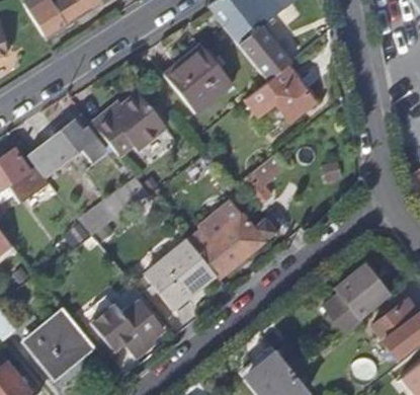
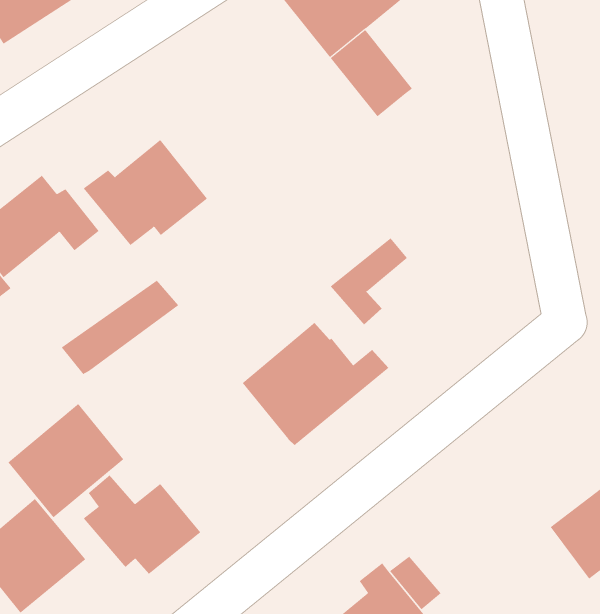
building: [161,41,230,109] -> none
building: [246,66,315,121] -> none
building: [146,239,216,308] -> [7,403,124,518]
building: [324,264,388,333] -> none

